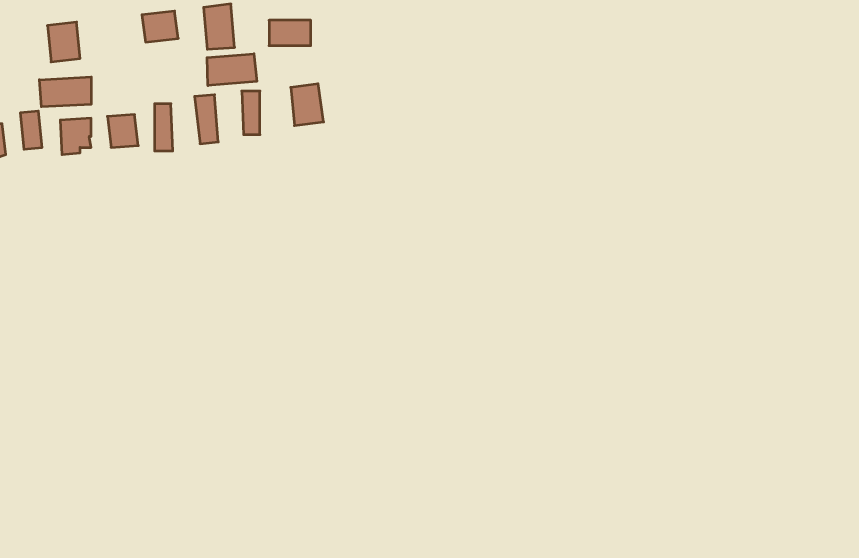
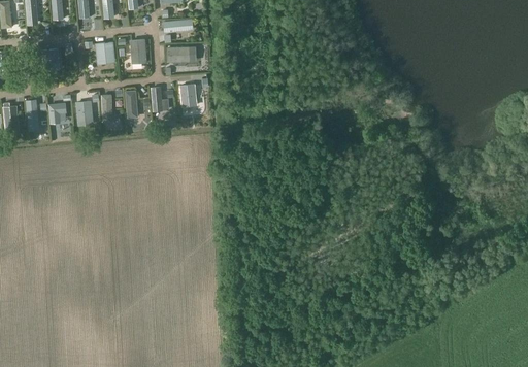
building: [207,54,257,86] -> none
building: [39,77,91,107] -> none

